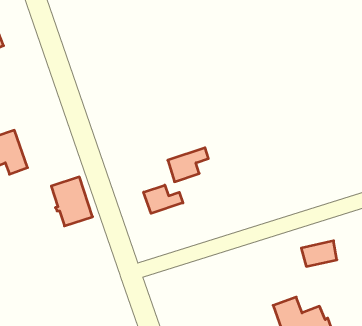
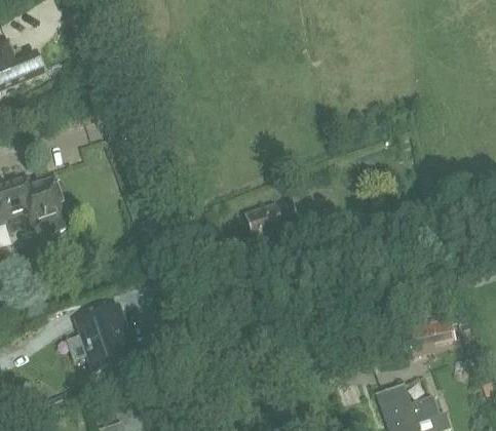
building: [51,177,93,226] -> [78,307,129,367]
building: [144,185,183,213] -> none

